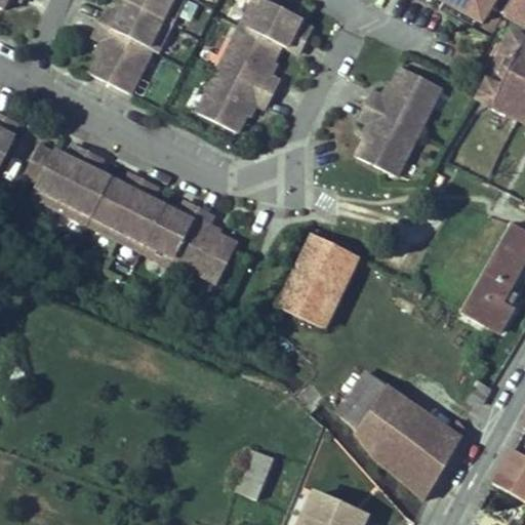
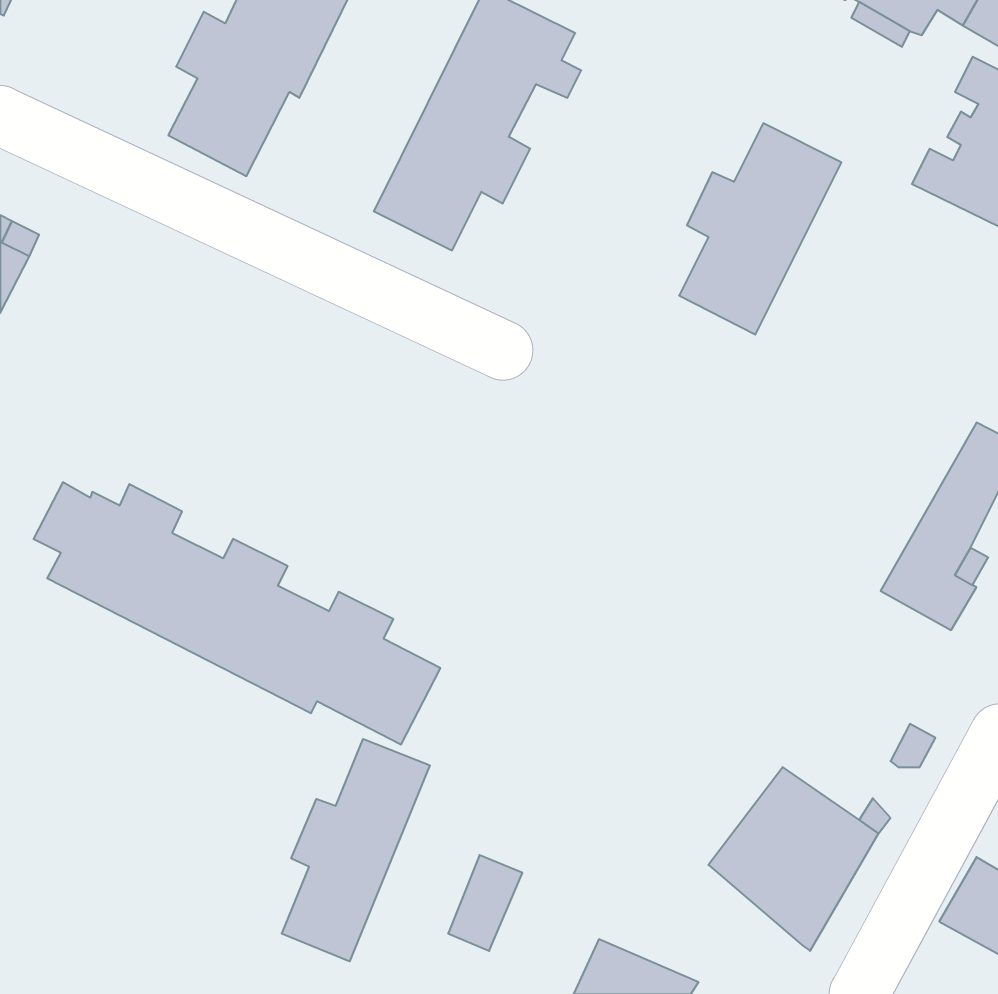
building: [25,144,238,281] -> [33,482,440,744]
building: [277,232,358,326] -> none
building: [338,371,411,453] -> none
building: none -> [282,739,430,961]

